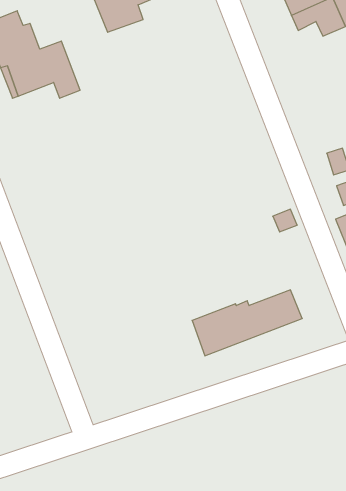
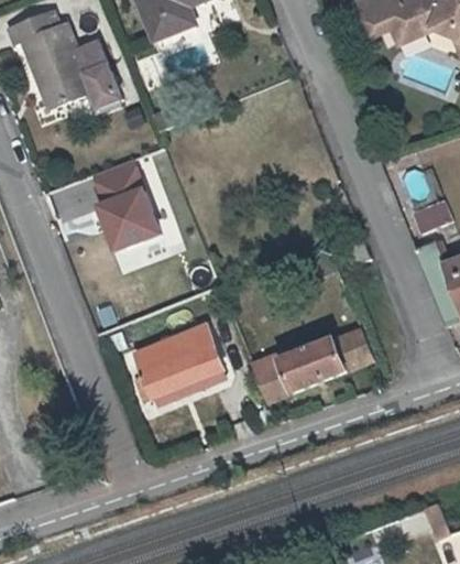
building: none -> [94,162,166,254]
building: none -> [132,323,223,402]

